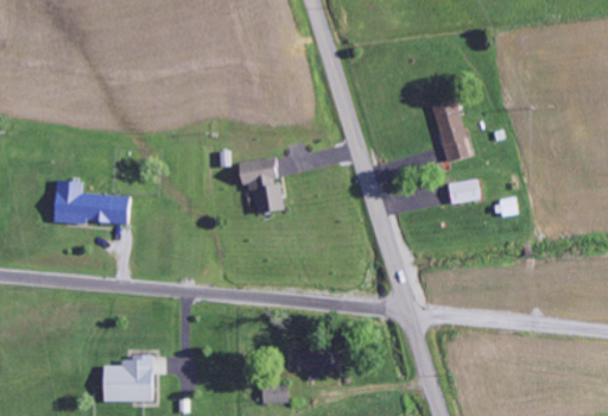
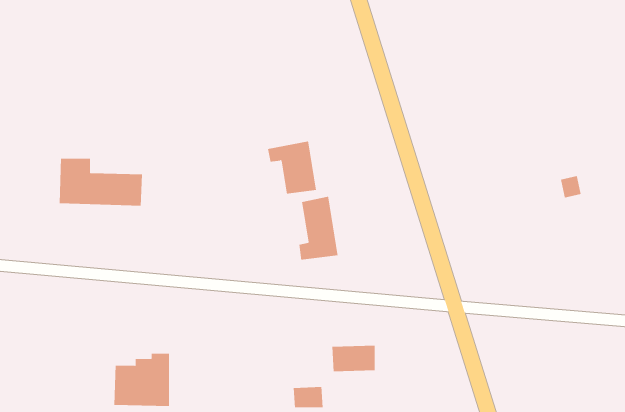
building: [431,99,471,162] -> none
building: [448,179,480,203] -> none
building: none -> [299,196,338,260]

